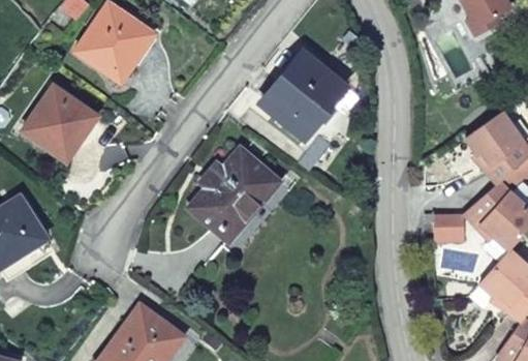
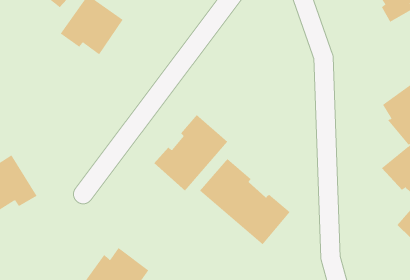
building: [266,52,338,137] -> none
building: [22,85,92,160] -> none
building: none -> [199,158,290,245]
building: [434,213,464,242] -> none

